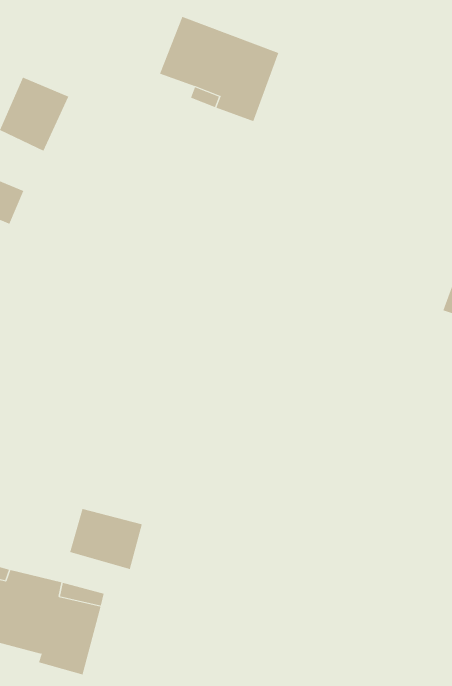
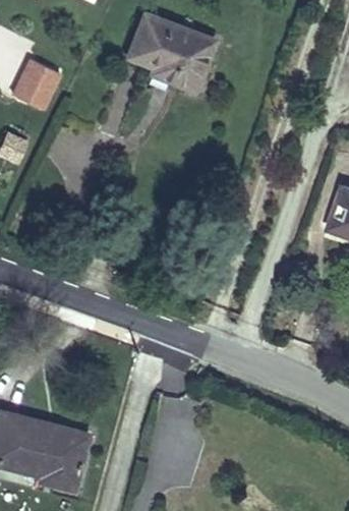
building: [70,508,142,570] -> none

